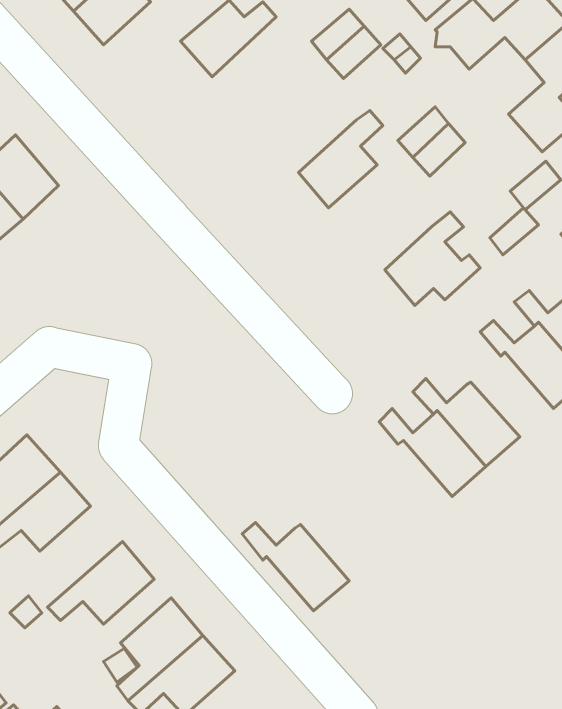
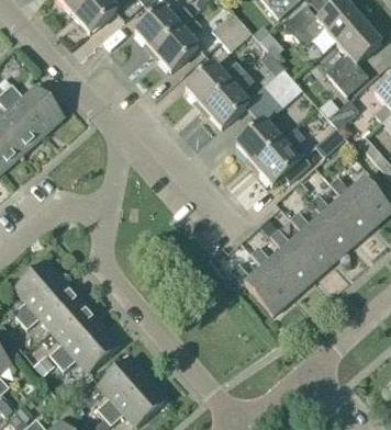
building: none -> [154,15,200,70]
building: none -> [186,61,246,106]
building: none -> [236,118,282,163]
building: none -> [291,211,354,261]
building: none -> [51,302,101,361]
building: [242,523,349,611] -> [232,262,294,314]

